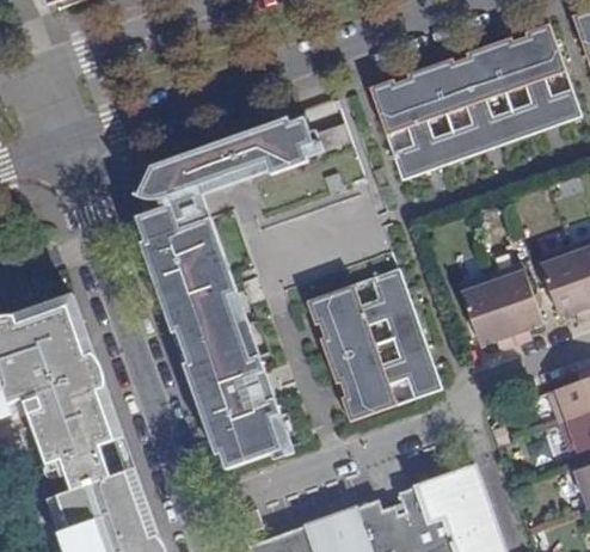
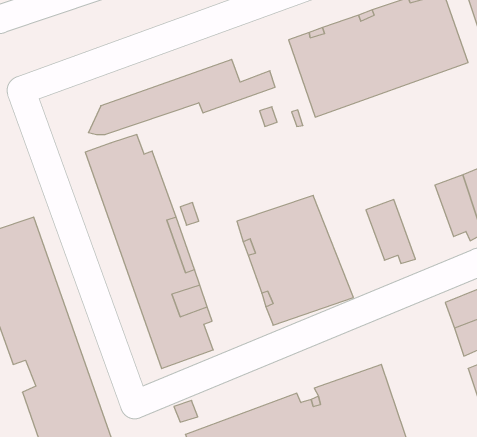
building: [155,162,269,222] -> none
building: [490,263,542,344] -> none

